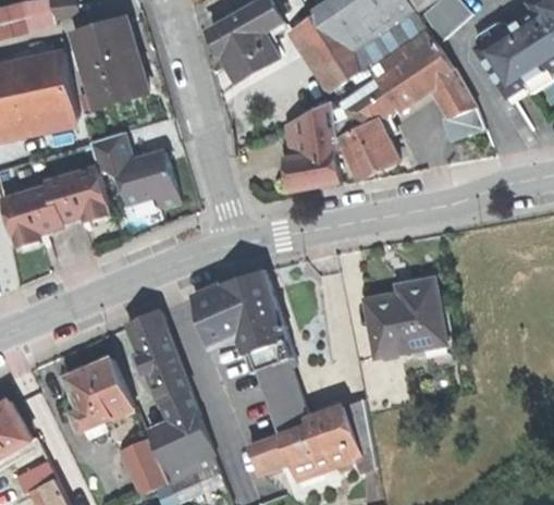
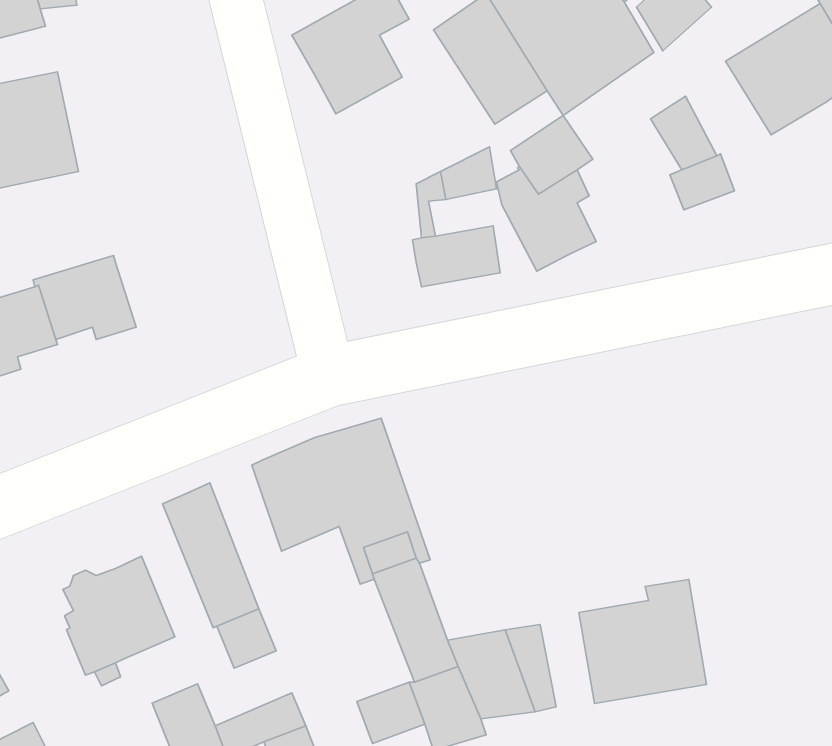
building: [74,19,146,106] -> none
building: [377,42,453,109] -> none
building: [293,127,337,157] -> none
building: [89,134,178,208] -> none
building: [366,278,445,355] -> [579,579,706,704]
building: [149,415,208,461] -> none

